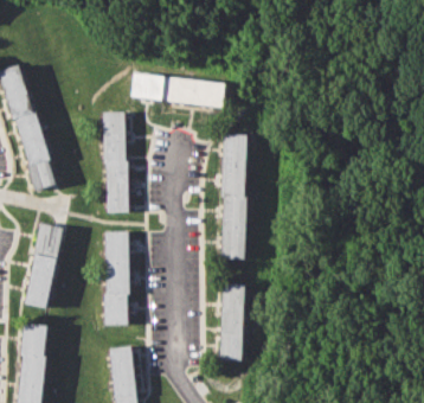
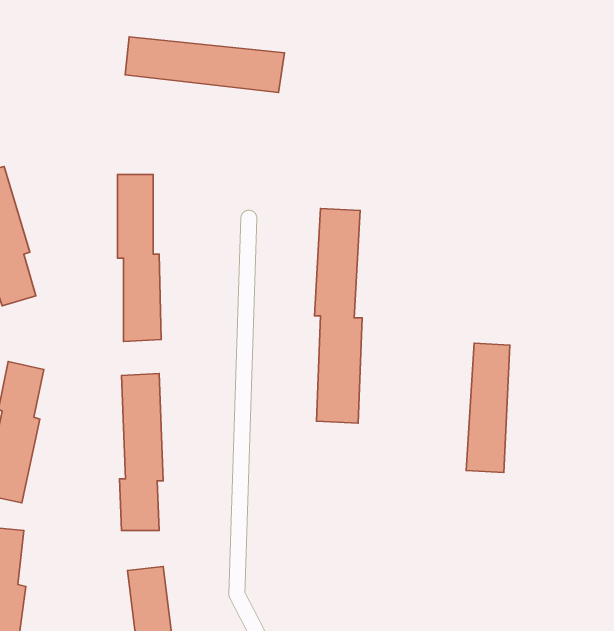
building: [131,73,226,107] -> [125,37,284,93]
building: [219,284,245,362] -> [466,343,510,472]

